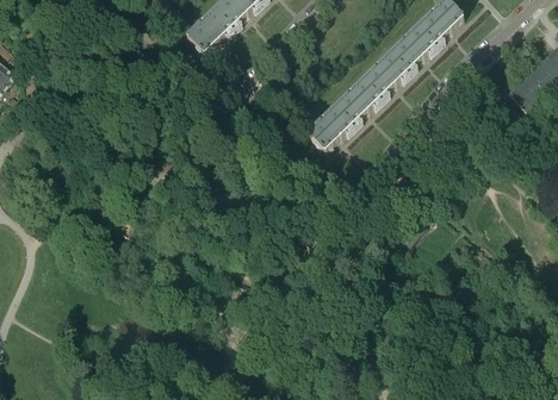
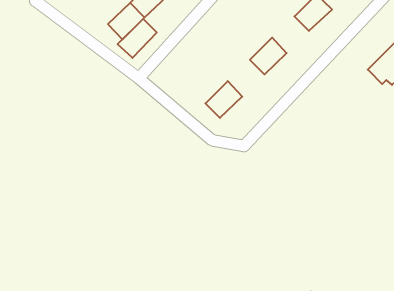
building: [389,24,434,69] -> none
building: none -> [118,19,157,58]
building: [334,77,379,123] -> none

